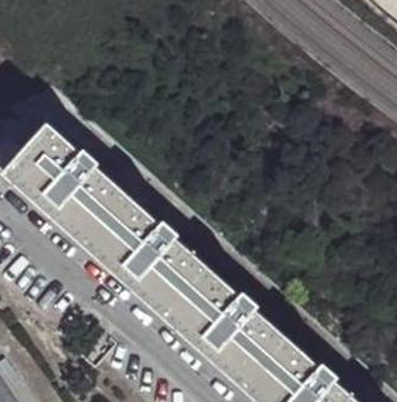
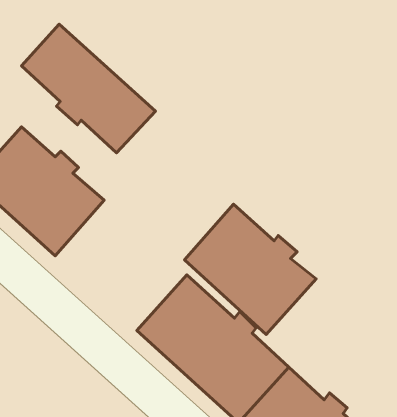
building: none -> [21,24,156,153]
building: [76,188,192,303] -> [185,204,316,335]

